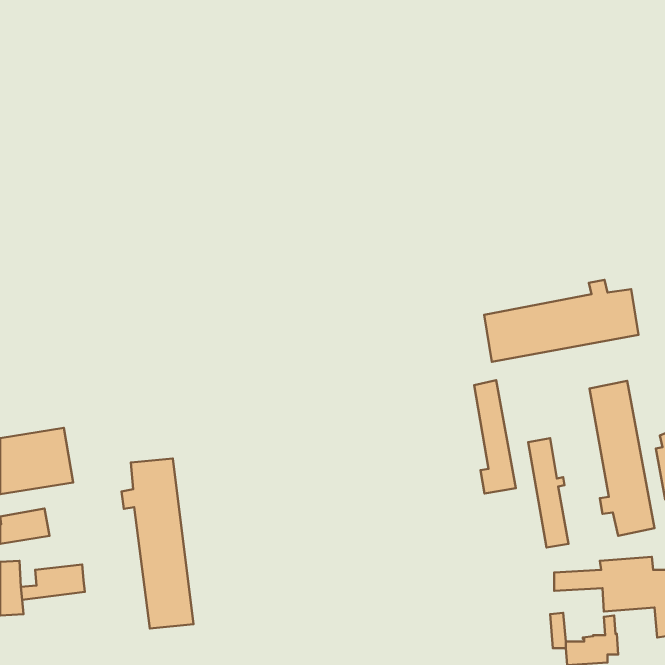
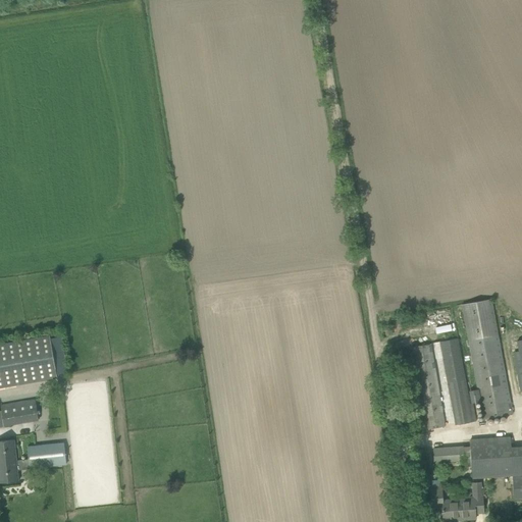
building: [484,280,639,362] -> none
building: [474,380,516,493] -> [441,336,474,425]
building: [121,458,193,629] -> none

